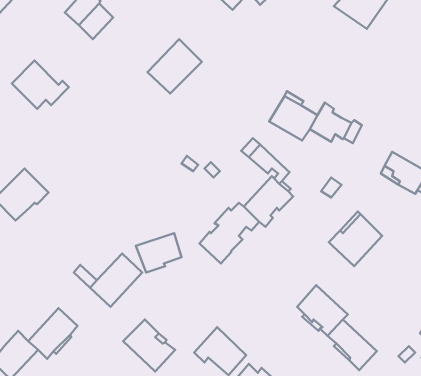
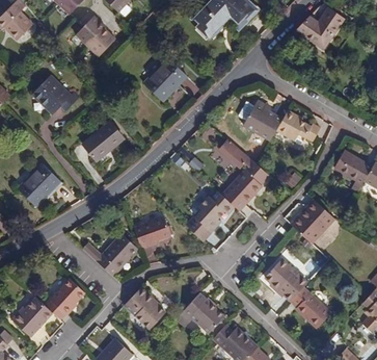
building: none -> [83,121,125,161]

